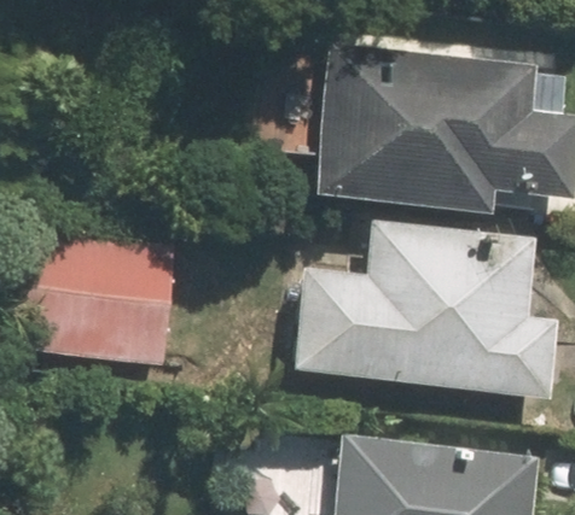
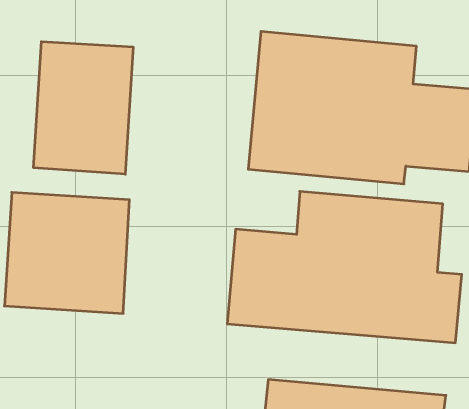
building: none -> [34,42,133,174]

